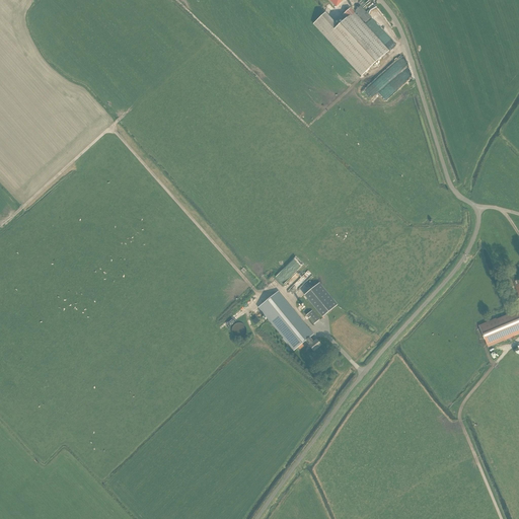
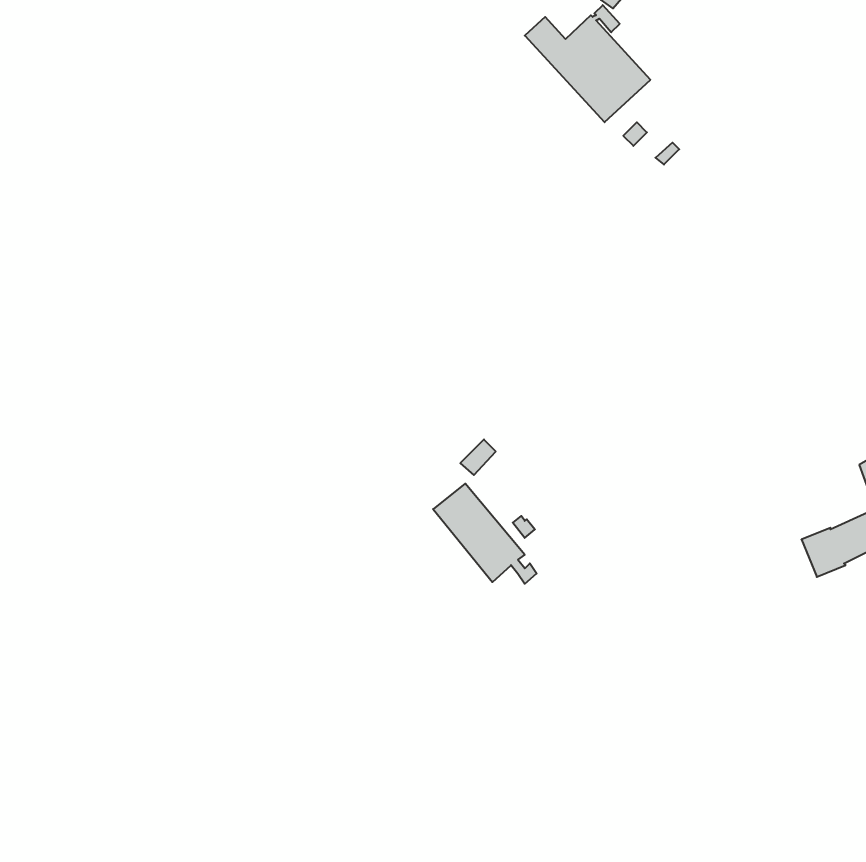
building: [305,281,338,314] -> none

